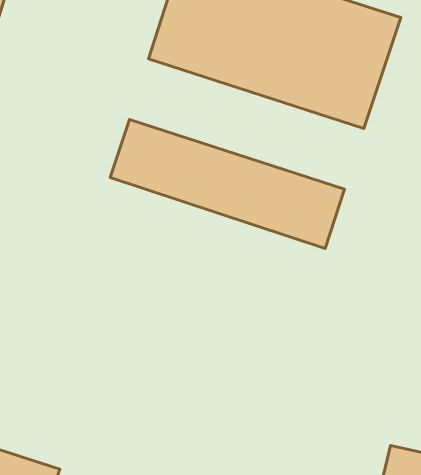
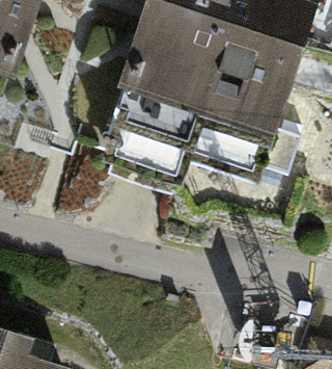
building: none -> [120,61,284,153]

